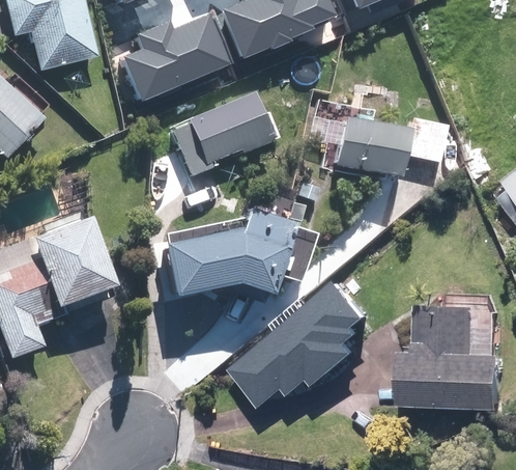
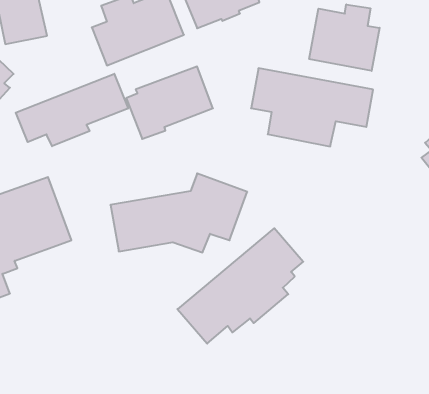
building: none -> [309,4,380,71]
building: none -> [16,74,128,146]
building: [399,302,501,406] -> none

